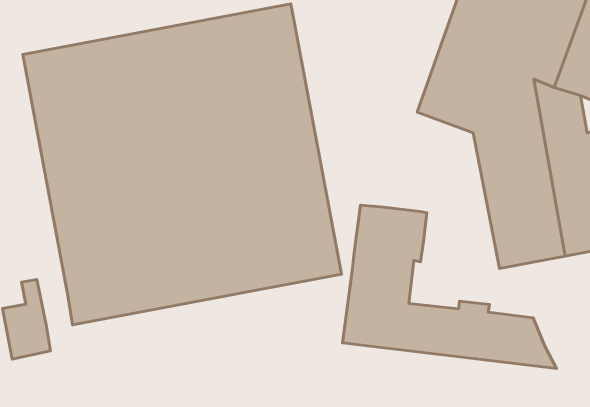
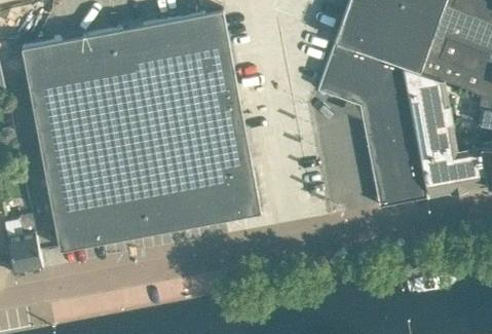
building: [342,205,556,369] -> none

